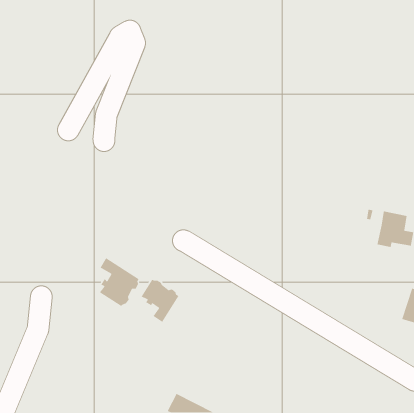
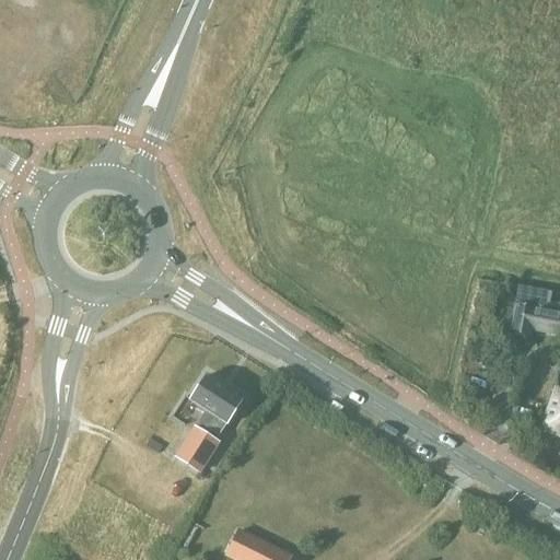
building: [99,257,140,307] -> none
building: none -> [175,425,221,471]

